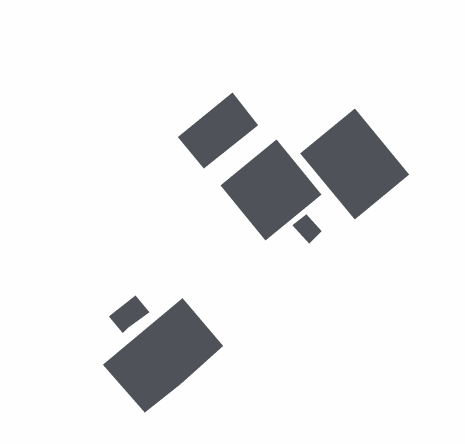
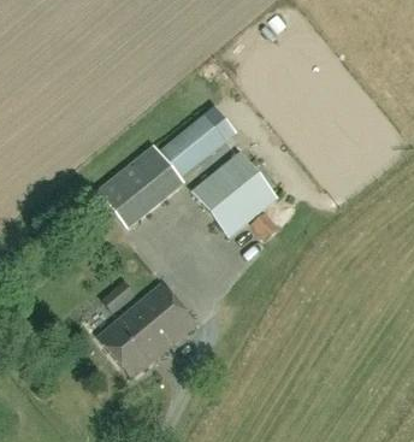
building: [299,108,410,220] -> none
building: none -> [97,145,184,228]

